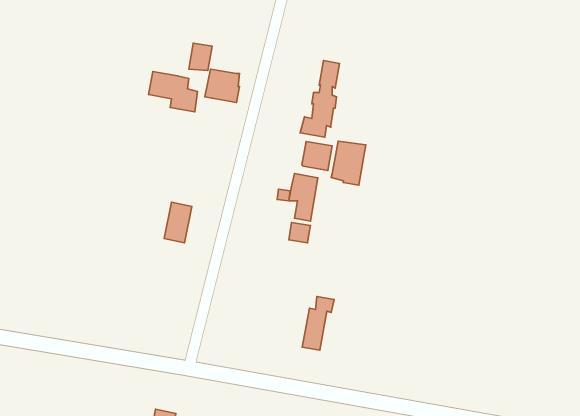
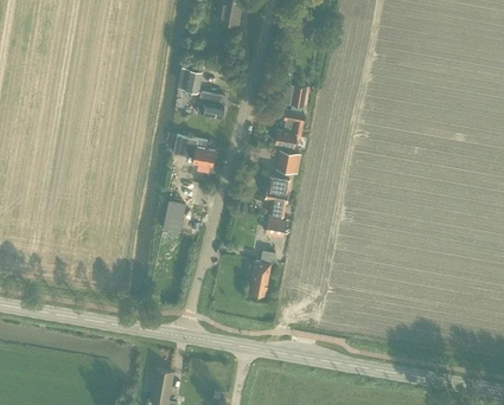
building: [148,71,198,112] -> [173,135,213,168]
building: [331,141,366,185] -> none
building: [302,297,334,350] -> [249,251,275,295]

